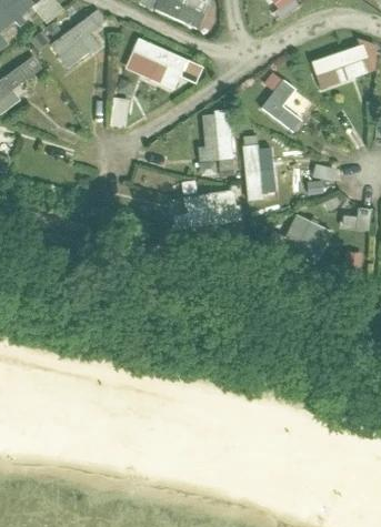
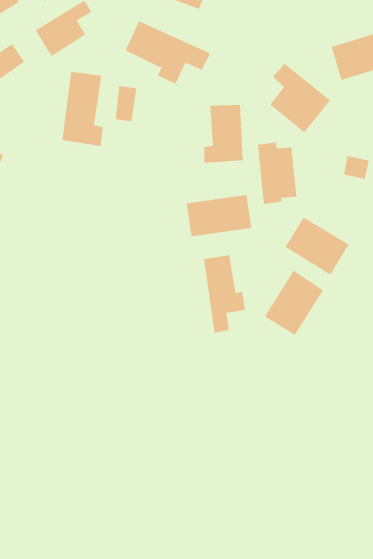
building: none -> [62,71,103,147]
building: none -> [204,255,246,333]
building: none -> [264,270,324,336]

